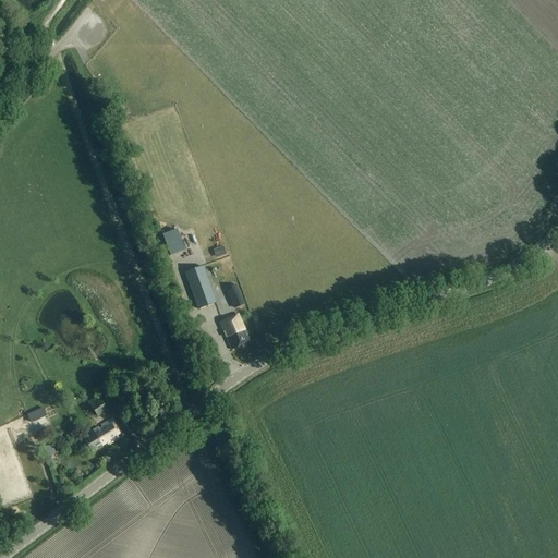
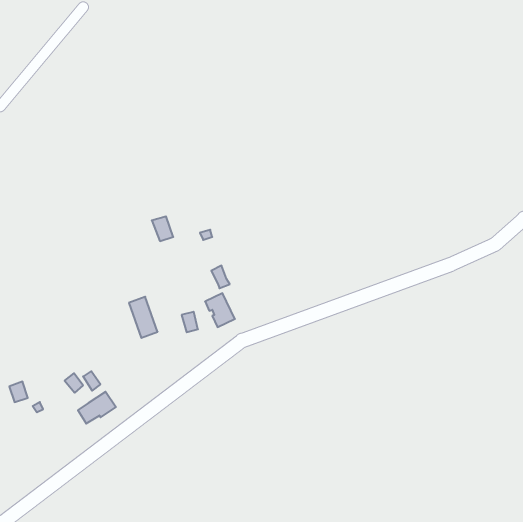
building: [185,263,216,306] -> [129,297,158,338]

